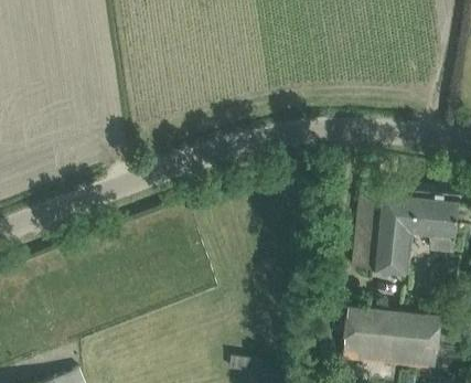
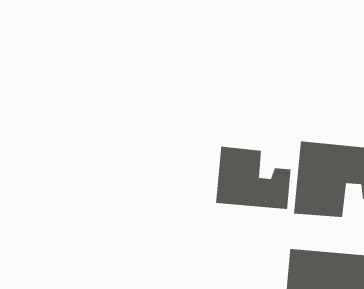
building: none -> [215,146,291,210]

